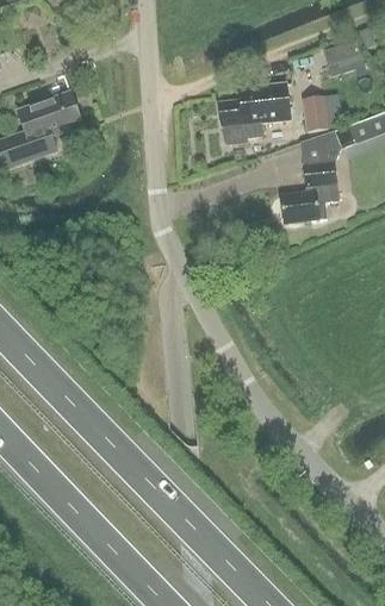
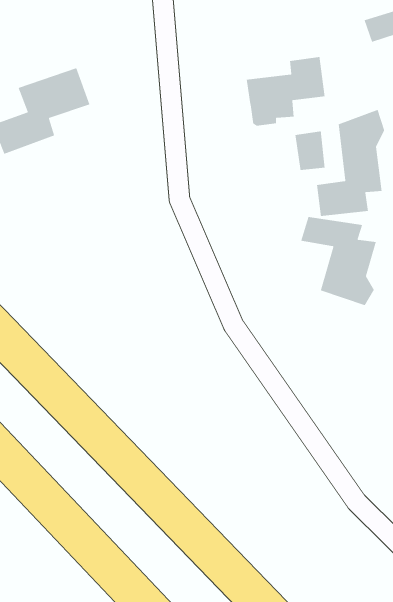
building: [302,94,329,130] -> [294,130,325,171]
building: none -> [300,216,377,306]

